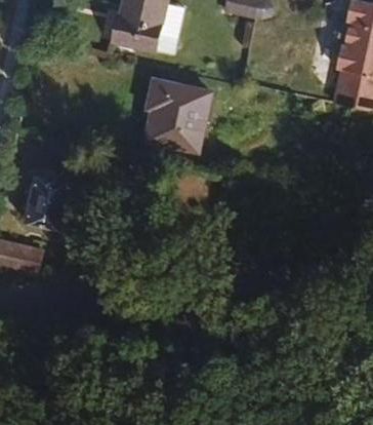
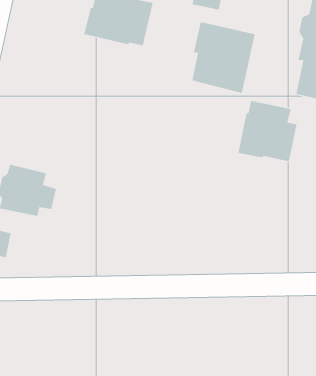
building: [146,77,212,152] -> [191,21,255,93]
building: none -> [238,100,297,162]

